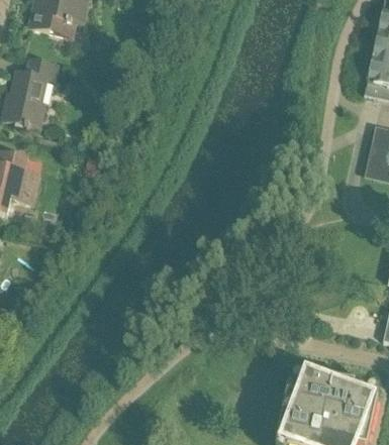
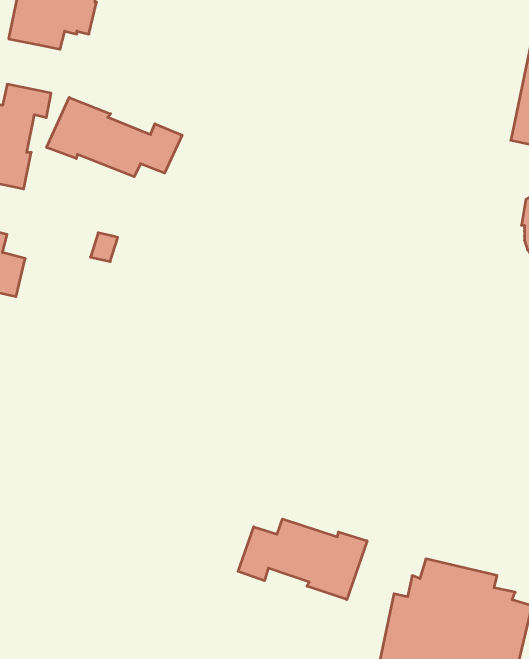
building: none -> [47,97,182,177]
building: none -> [238,519,367,600]

